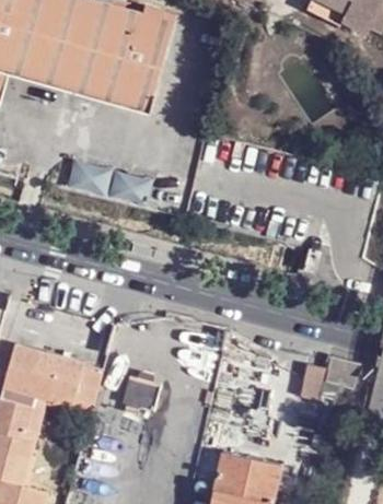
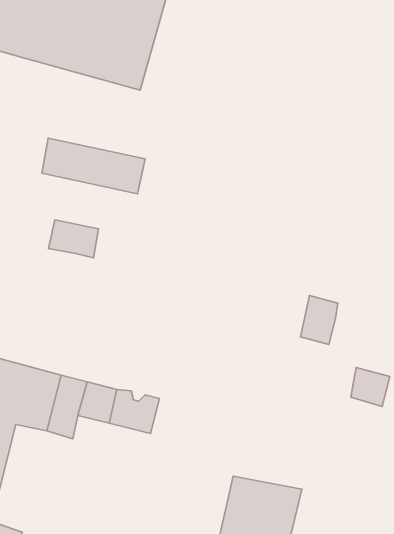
building: none -> [49,220,99,258]
building: [295,359,327,400] -> [300,295,338,345]

